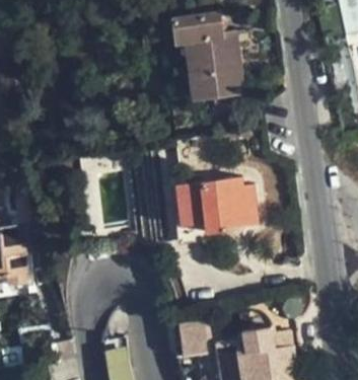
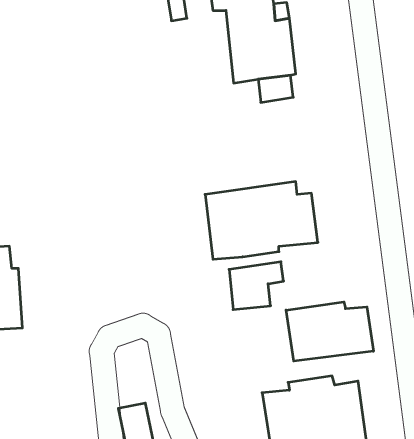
building: none -> [286,302,373,361]
building: [172,320,215,358] -> [229,262,284,310]

